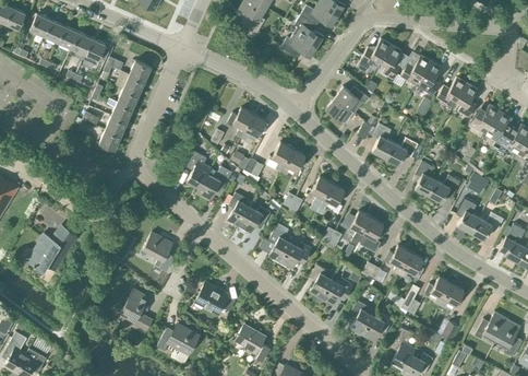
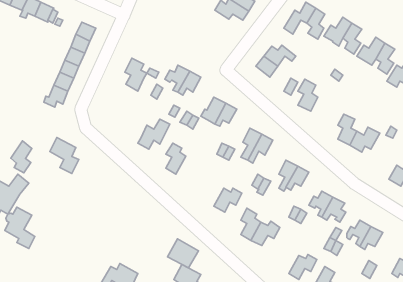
building: [386,137,418,165] -> none
building: [187,151,211,187] -> [125,58,147,91]
building: none -> [11,141,32,173]
building: [458,198,480,232] -> none
building: [239,205,272,232] -> none
building: [268,223,291,261] -> none
building: [144,232,176,271] -> [50,138,79,174]
building: [195,281,229,313] -> [167,239,198,268]
building: [120,289,153,333] -> [5,207,35,248]
building: [350,299,373,334] -> none

